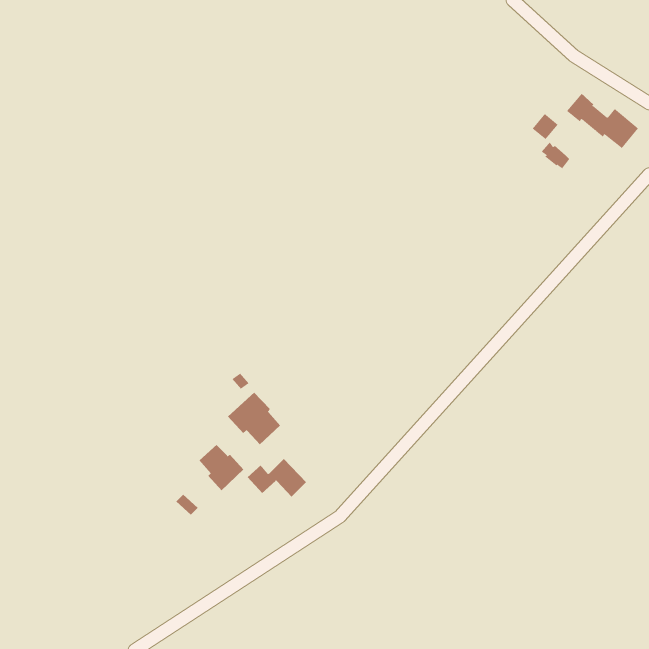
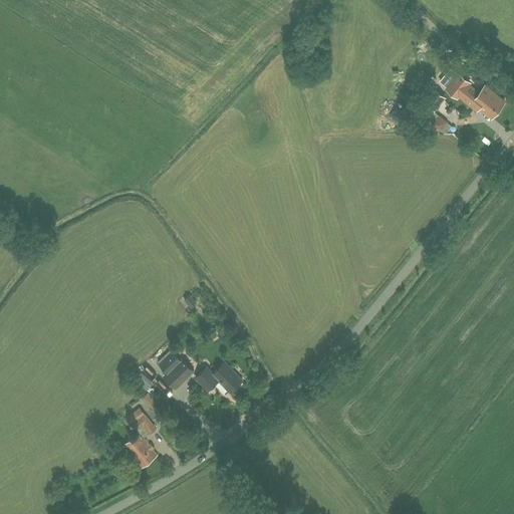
building: [227,392,281,445] -> none
building: none -> [122,408,156,469]

